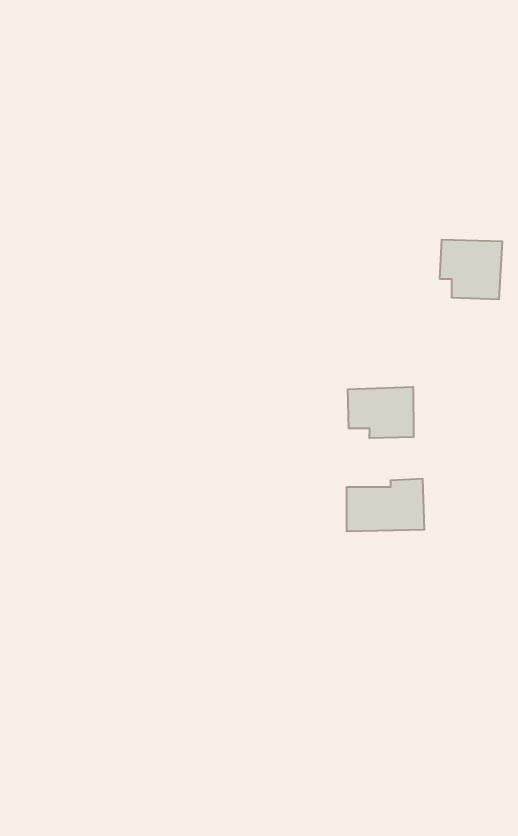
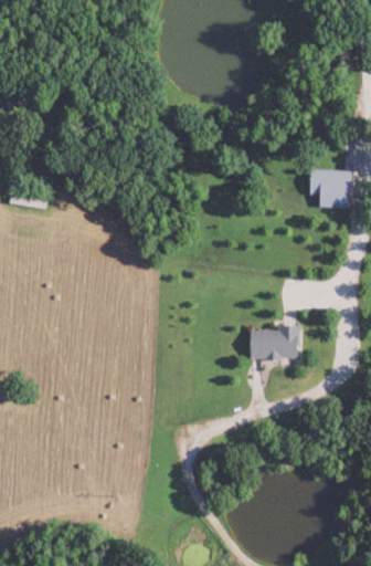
building: [348,387,414,438] -> none

